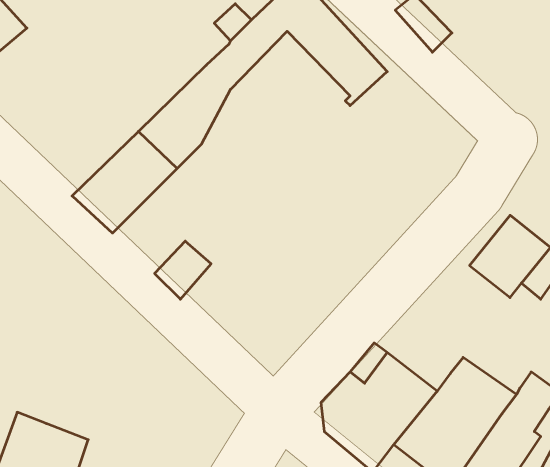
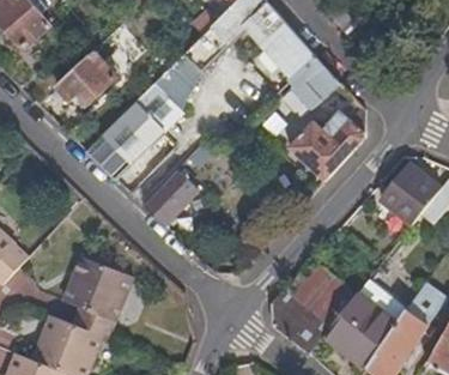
building: none -> [53,48,119,103]
building: none -> [292,58,341,109]
building: none -> [287,105,366,182]
building: none -> [60,252,128,333]

